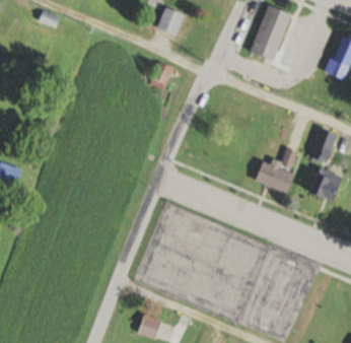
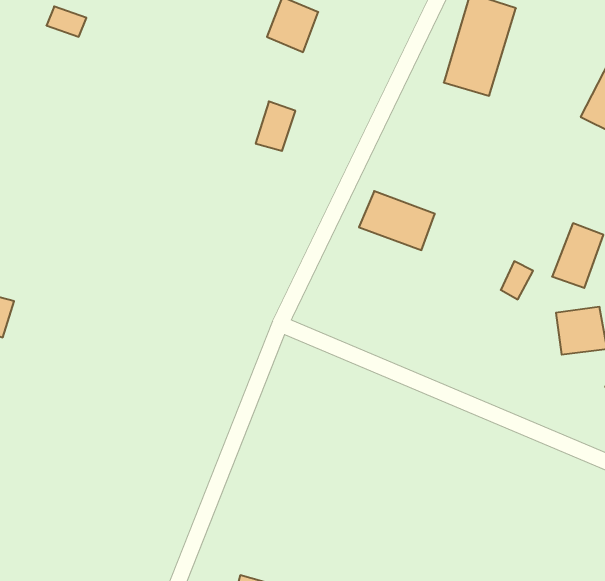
building: [256,160,296,192] -> [359,191,435,250]

